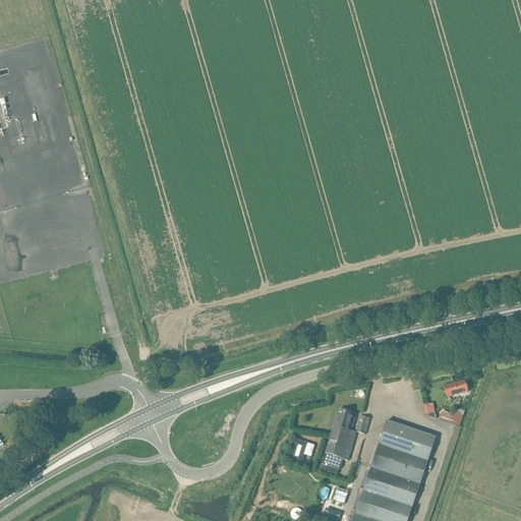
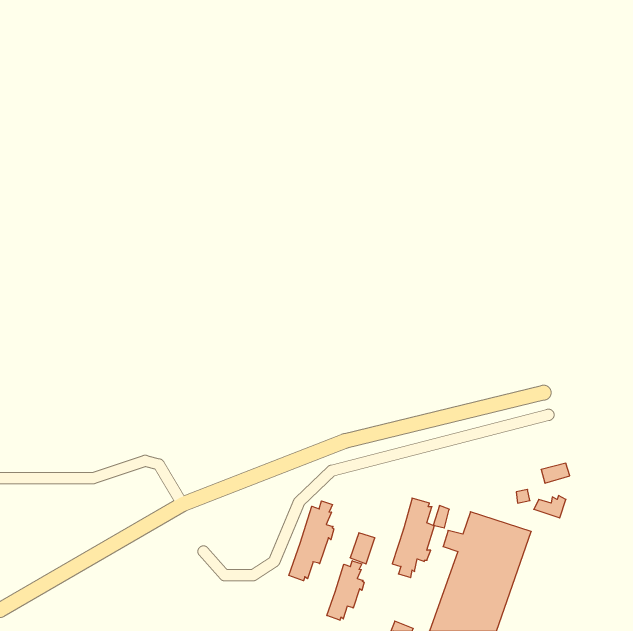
building: none -> [289,501,334,581]
building: none -> [327,561,364,620]

